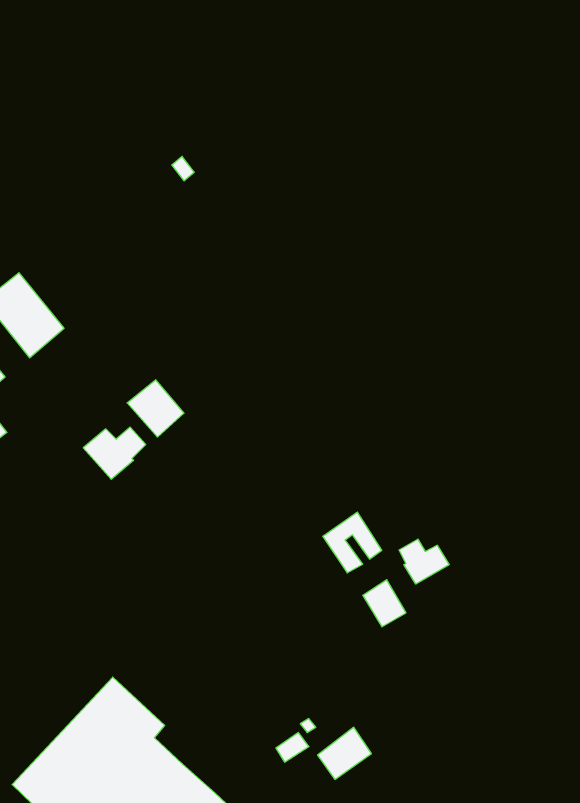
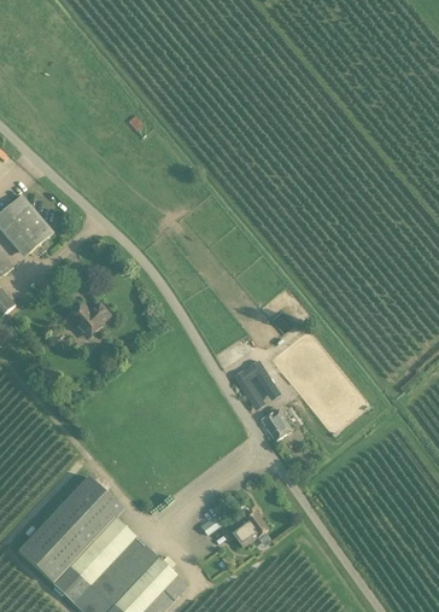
building: [127,380,184,437] -> none
building: [399,539,449,584] -> none

